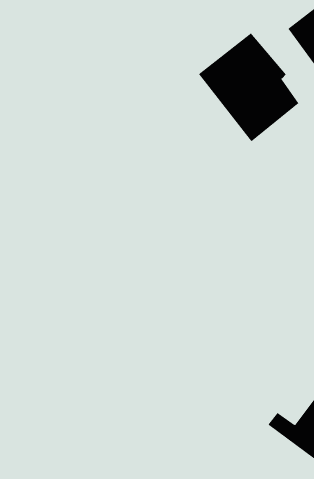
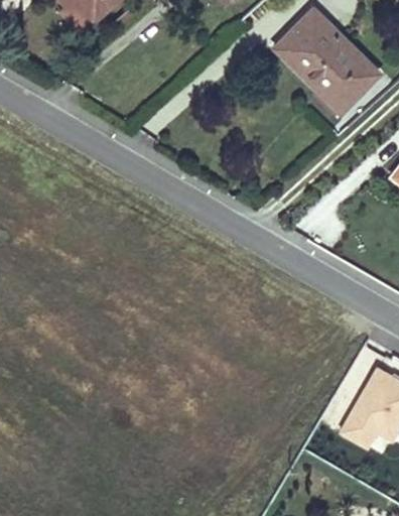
building: [198,33,299,142] -> none

